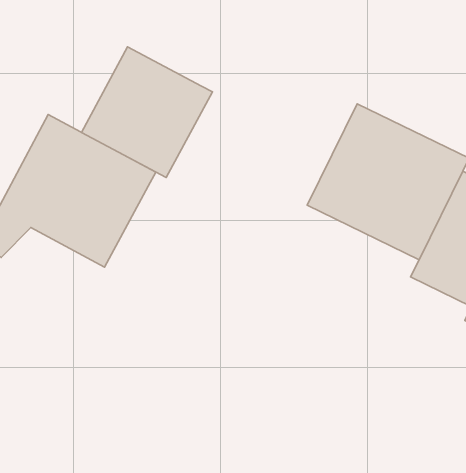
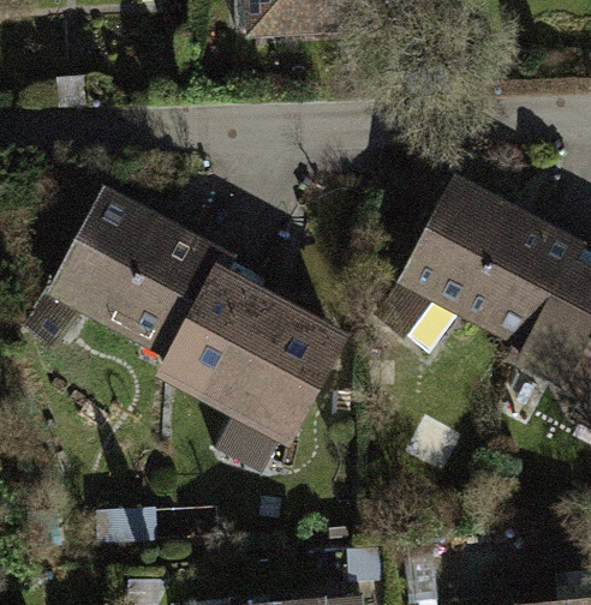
building: [81,47,212,177] -> none
building: none -> [161,268,341,457]

